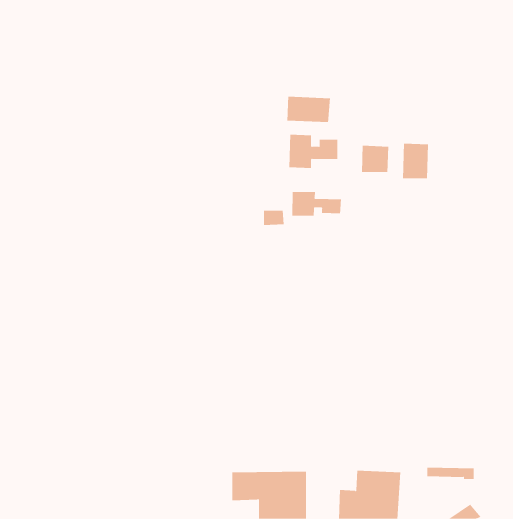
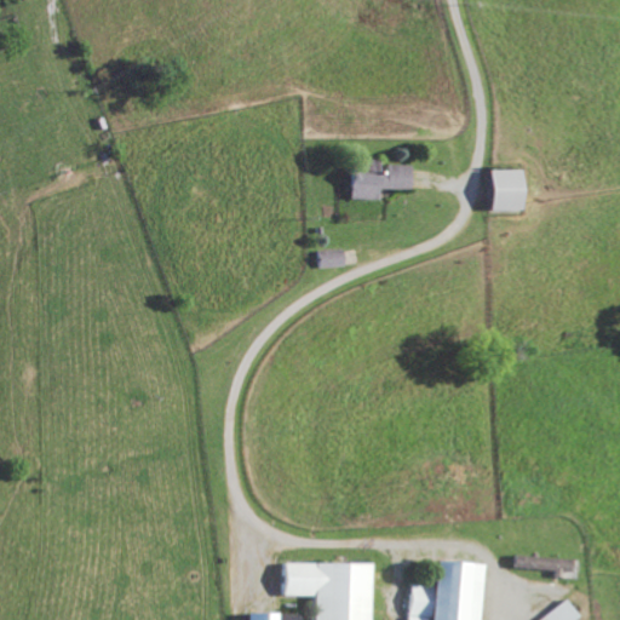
building: [287,96,331,123] -> none
building: [361,145,389,173] -> none
building: [292,191,341,216] -> none

